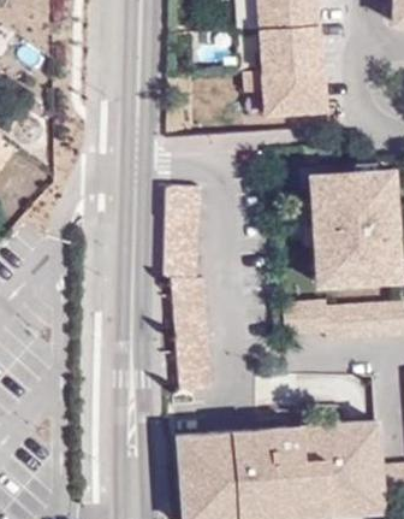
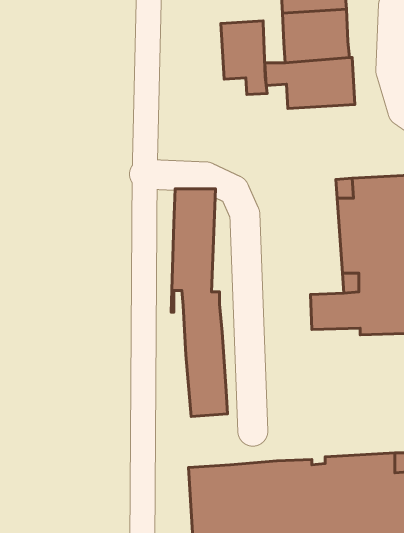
building: none -> [221,21,267,95]

